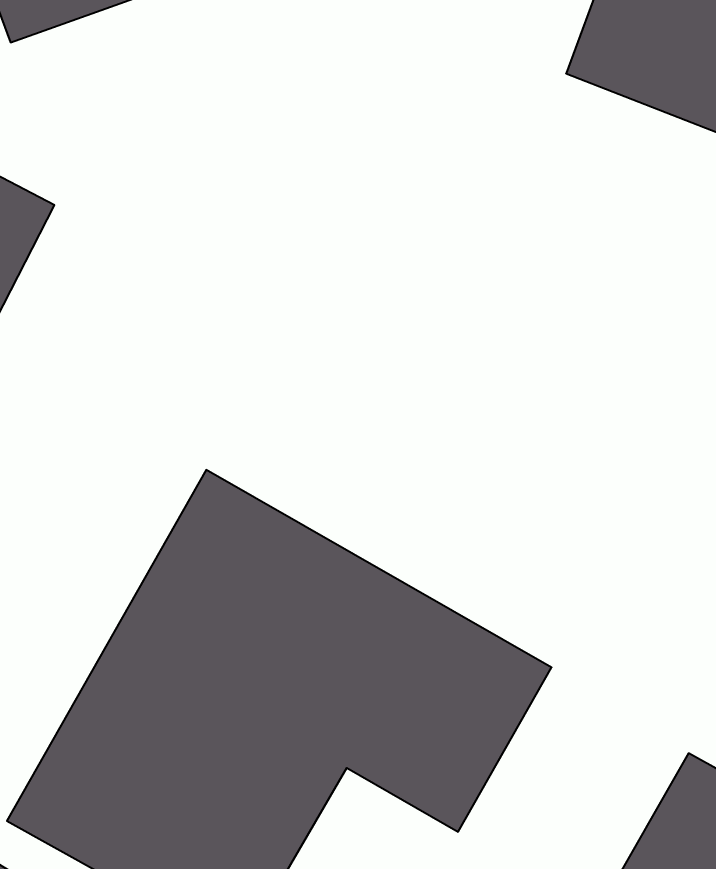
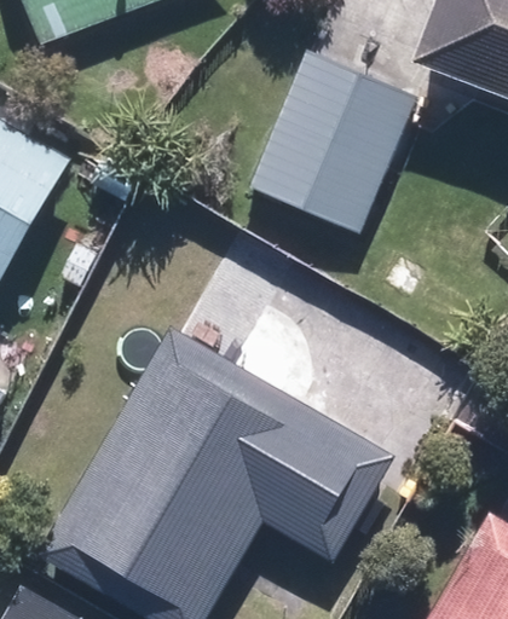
building: none -> [248,52,418,236]

